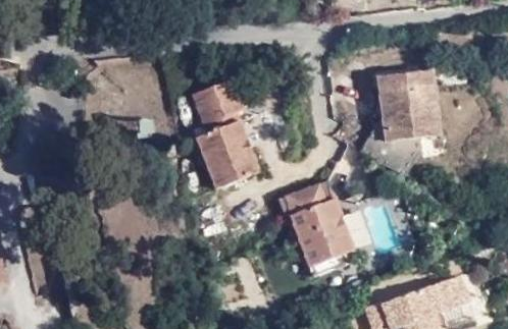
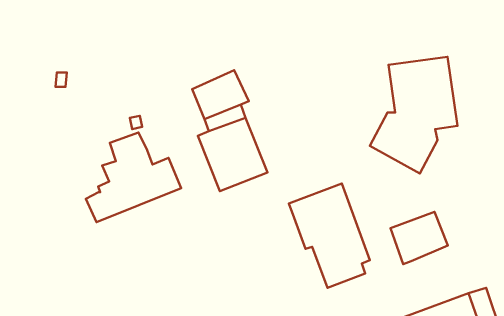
building: none -> [86,133,181,222]
building: none -> [391,212,448,264]

